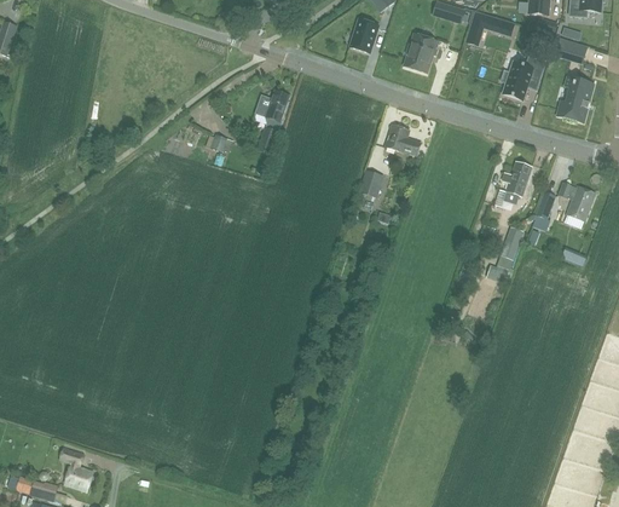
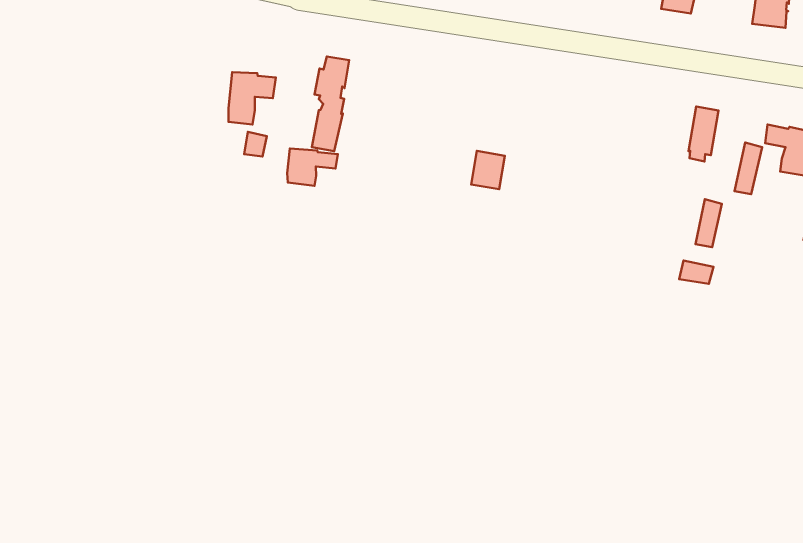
building: none -> [228,72,276,125]
building: [384,125,421,155] -> none
building: none -> [287,149,338,186]

